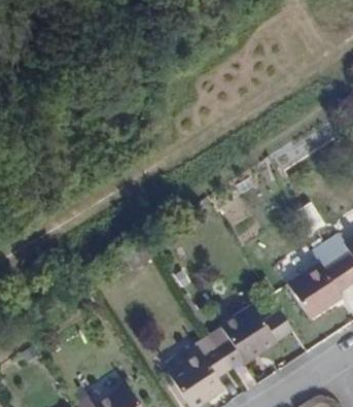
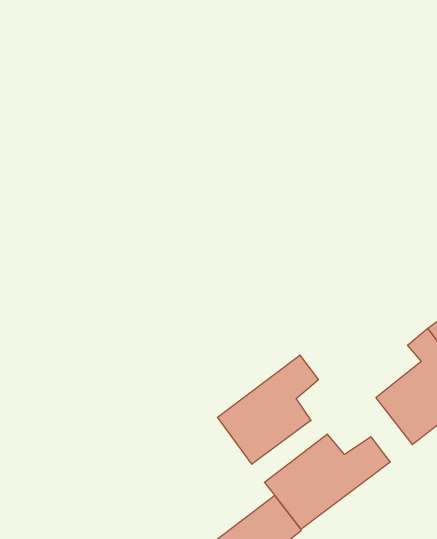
building: none -> [217,355,318,464]

